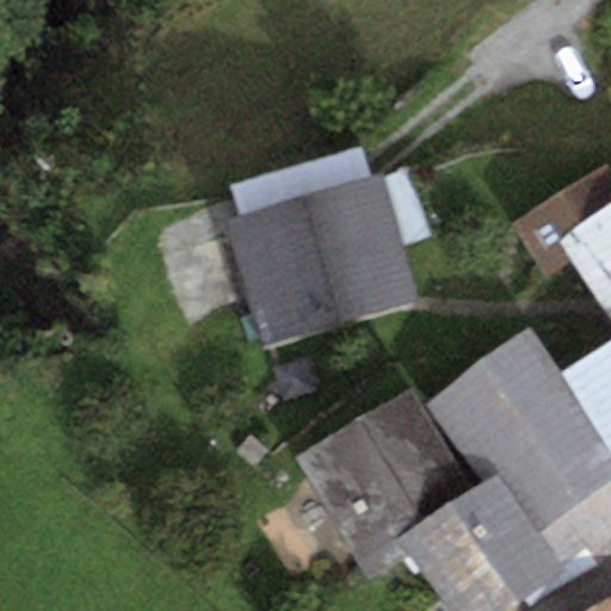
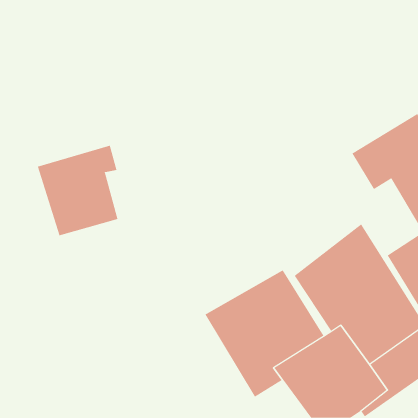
building: [224,146,431,346] -> none
building: none -> [37,145,118,236]

